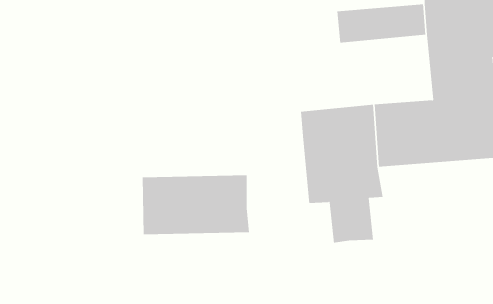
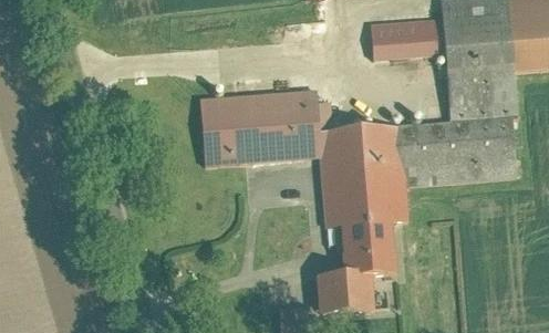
building: [142,175,250,235] -> [206,95,318,157]
building: none -> [318,263,372,312]

